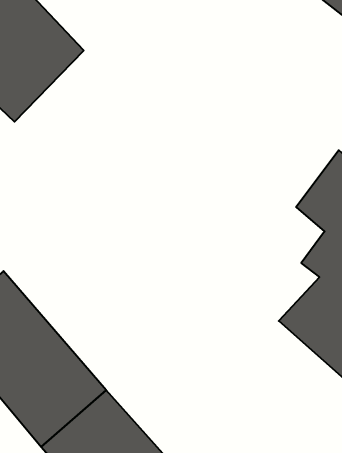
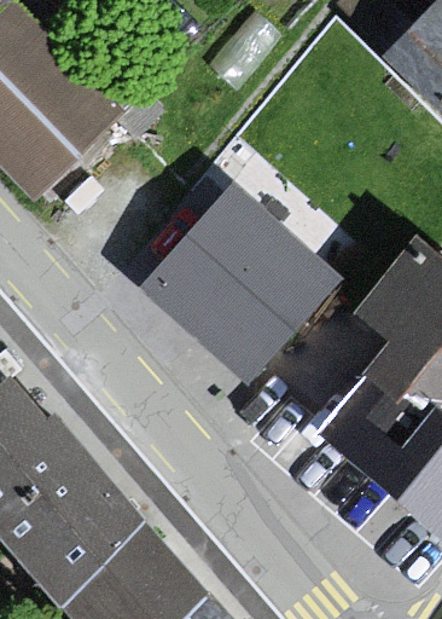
building: none -> [147,185,332,369]

